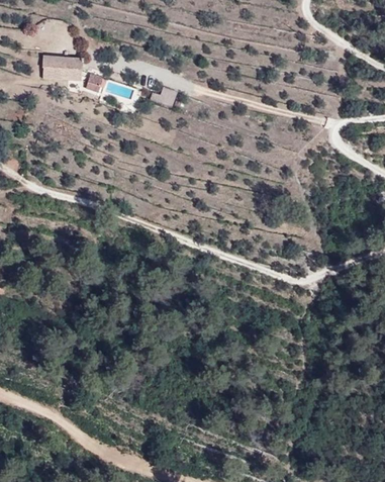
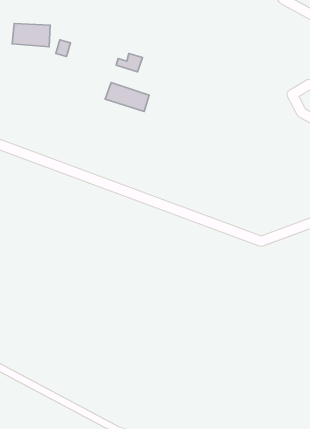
building: none -> [105,83,149,112]

